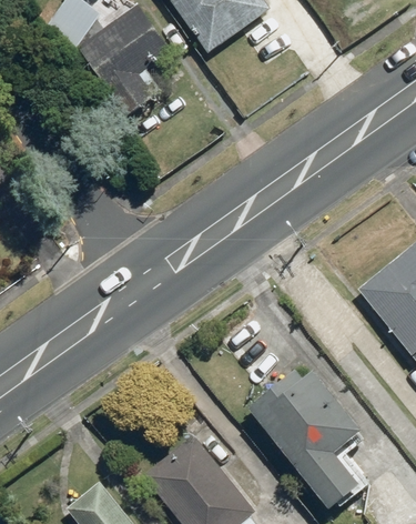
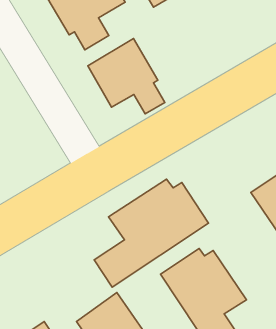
building: none -> [88,38,165,114]
building: none -> [94,179,209,287]

